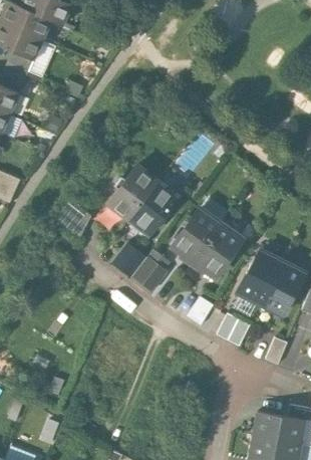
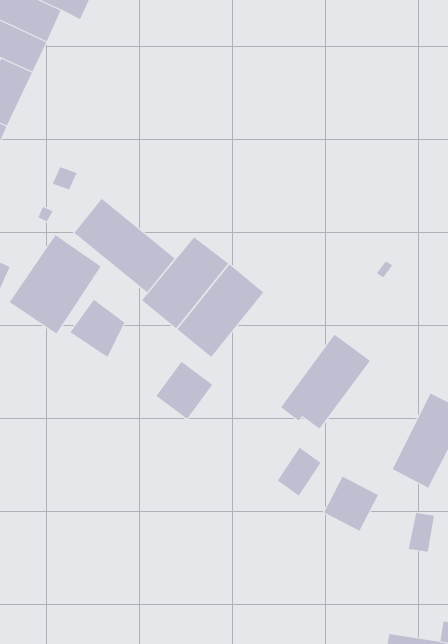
building: none -> [74,198,175,293]
building: none -> [9,234,102,334]
building: [169,206,223,269] -> none
building: [236,248,283,308] -> none
building: [132,256,169,292] -> none

